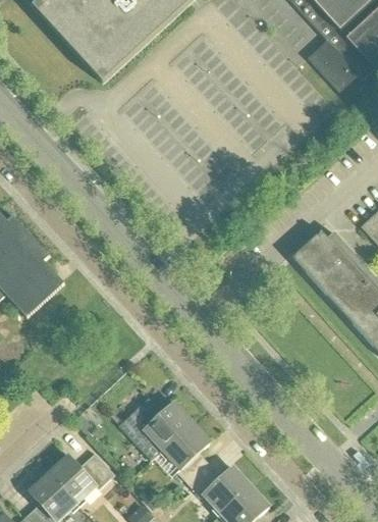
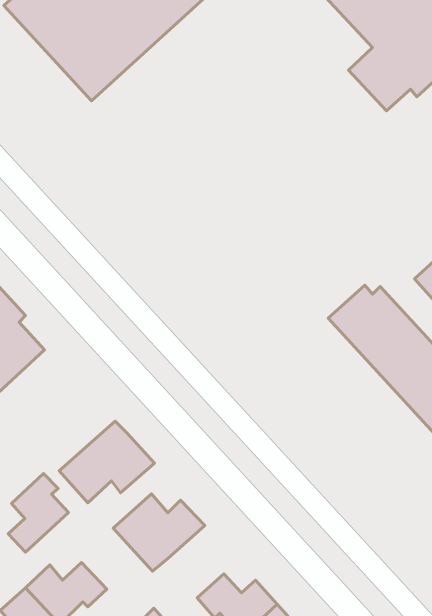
building: none -> [59,421,154,503]
building: none -> [8,474,69,552]
building: [164,422,211,478] -> none

